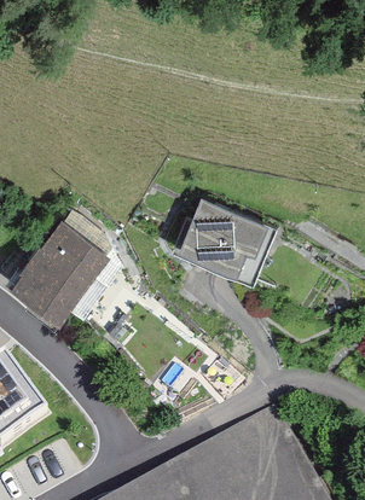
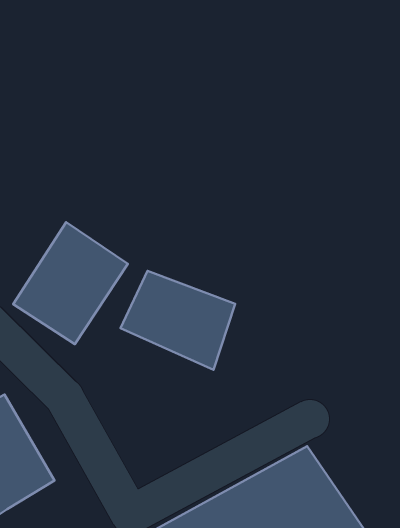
building: [179,199,276,283] -> [120,271,235,370]

